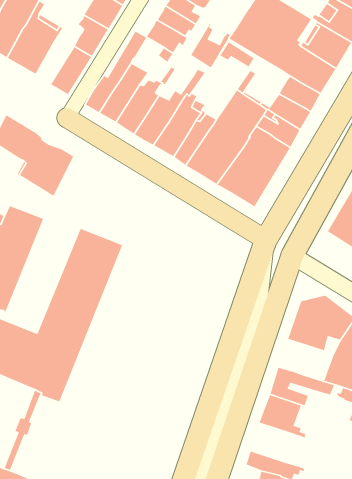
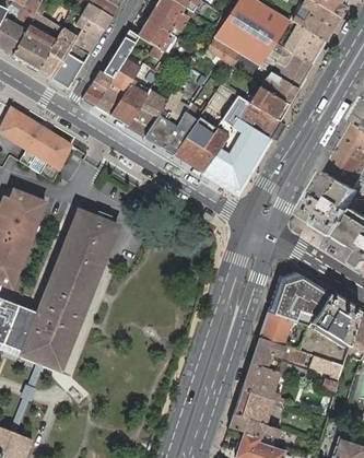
building: [190,23,231,68] -> none
building: none -> [37,27,77,80]
building: none -> [258,313,294,345]
building: none -> [233,389,285,428]

